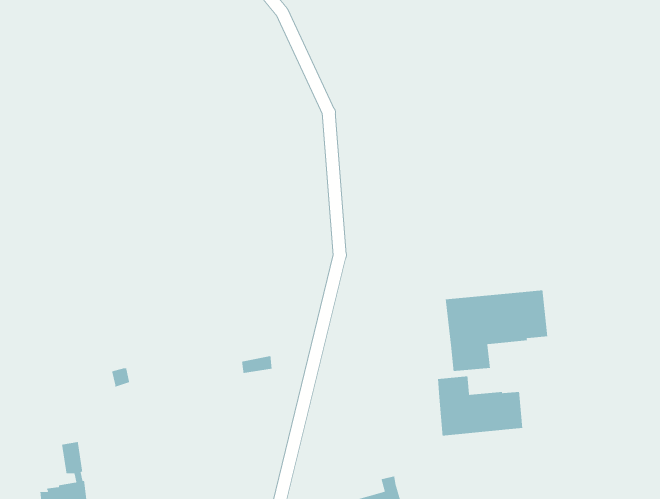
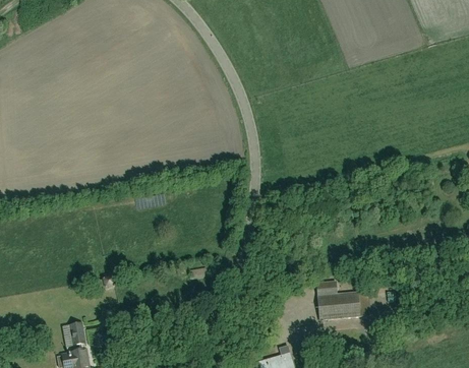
building: [445,289,548,372] -> none

